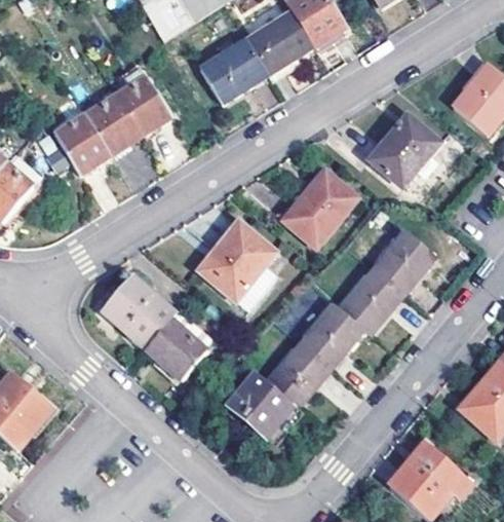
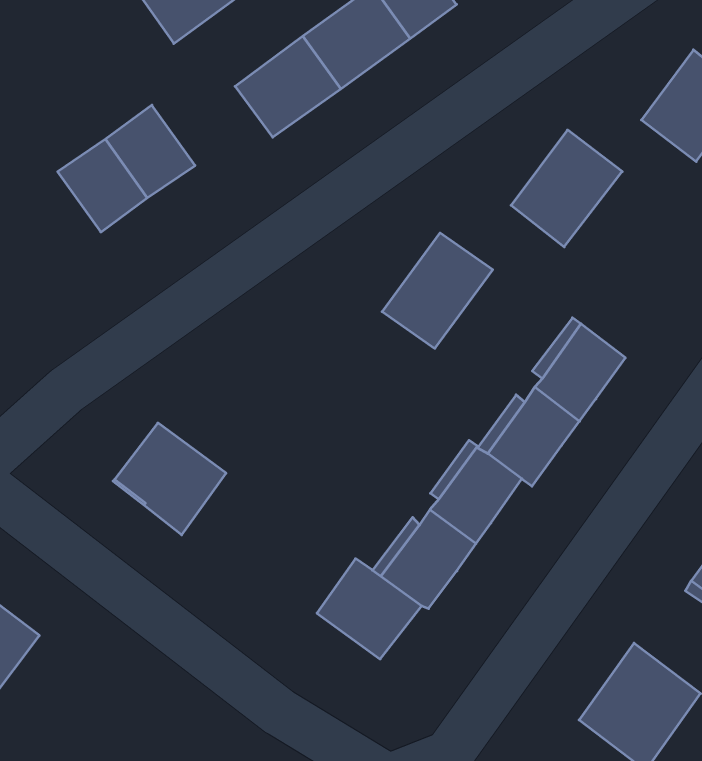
building: [53,115,108,173] -> none
building: [200,225,280,315] -> none
building: [146,310,211,380] -> none

